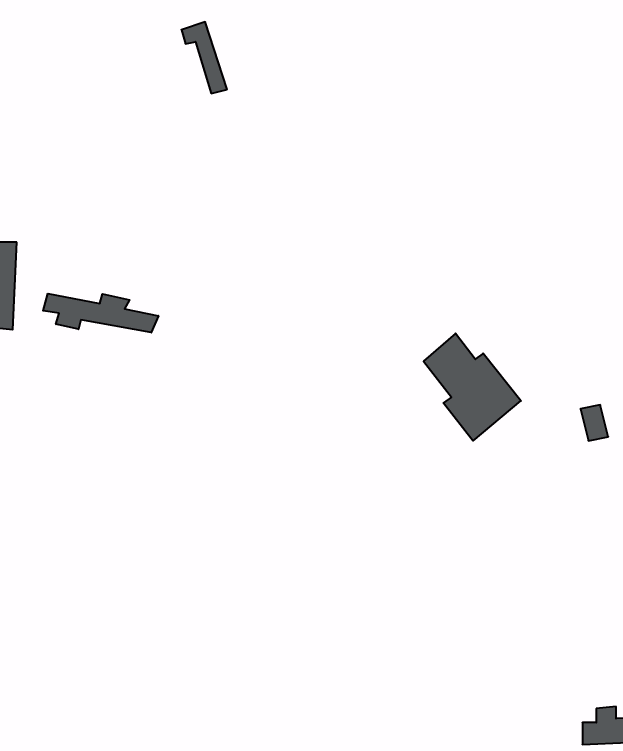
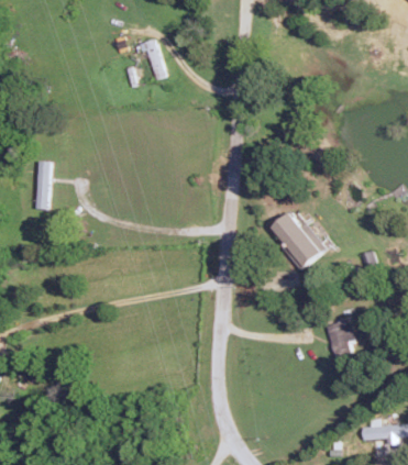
building: [43,294,158,333] -> none
building: none -> [327,320,354,356]

